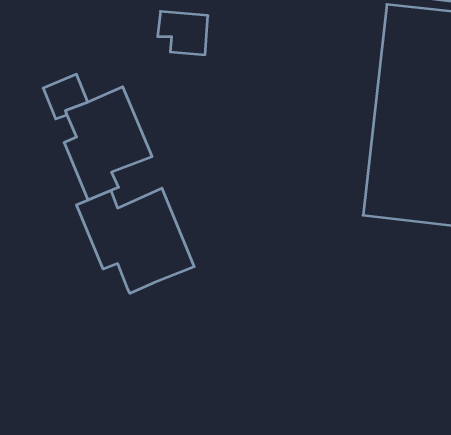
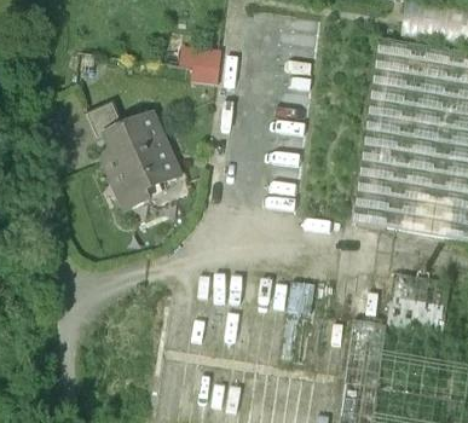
building: [77,188,194,293] -> none

